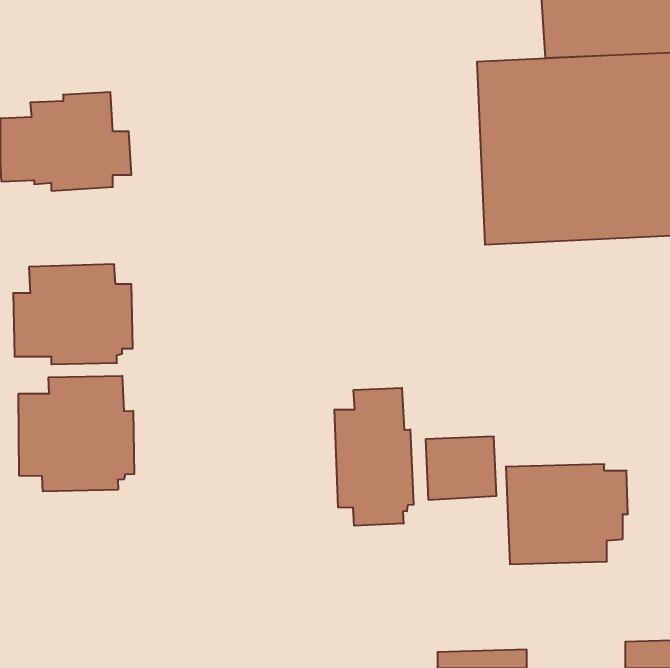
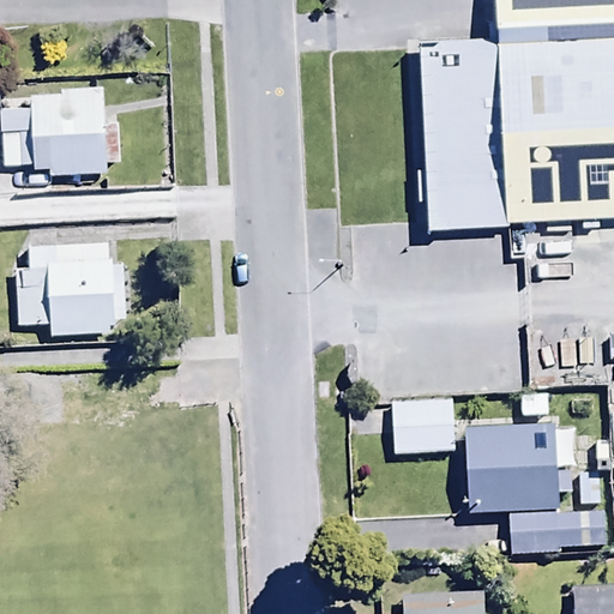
building: [19,376,134,491] -> none
building: [335,388,414,526] -> none
building: none -> [510,511,603,555]

